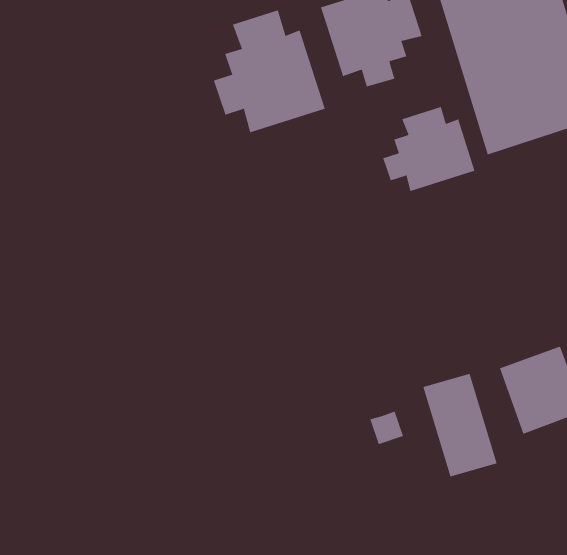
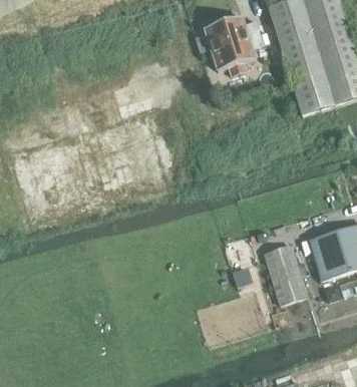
building: [213,10,325,133] -> none
building: [382,106,475,192] -> none

